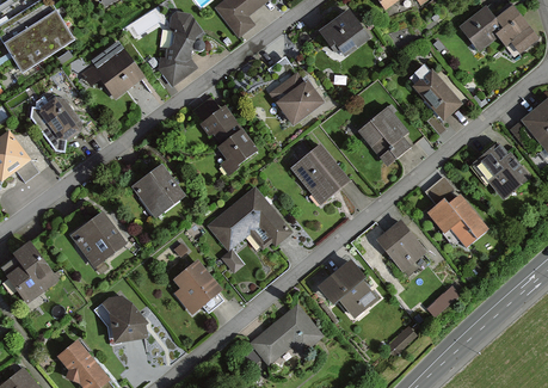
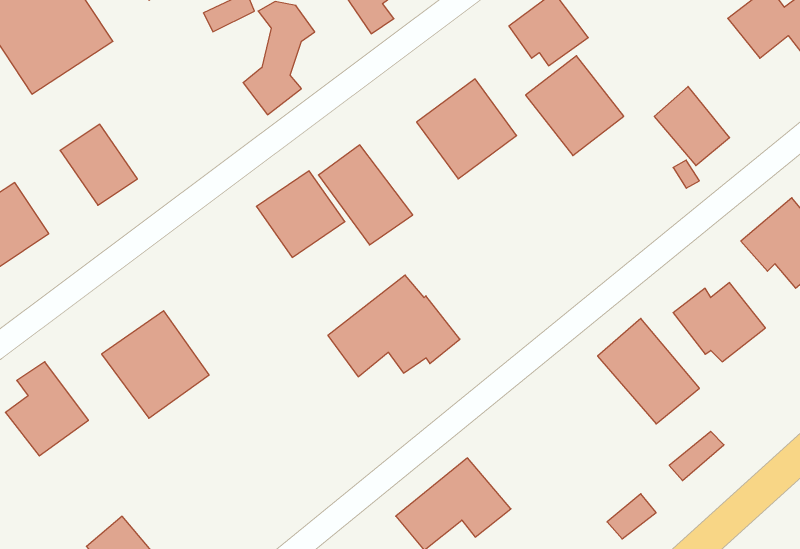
building: [80,38,147,100] -> none
building: [356,103,418,166] -> [526,56,624,156]
building: [289,144,351,205] -> none
building: [131,164,187,218] -> [256,171,345,257]
building: [318,257,378,318] -> none
building: [171,258,222,316] -> none
building: [103,304,149,343] -> none

